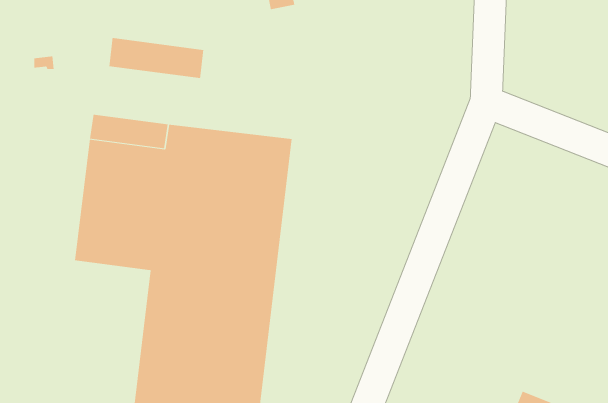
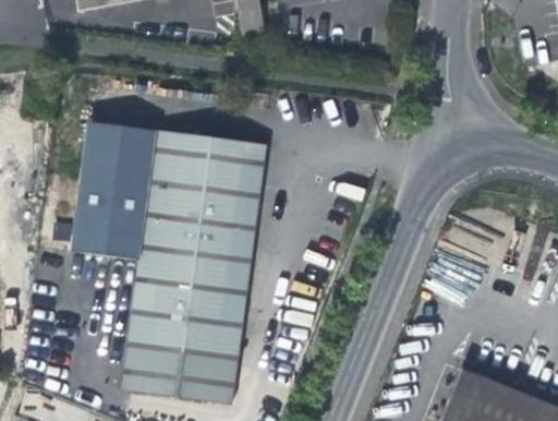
building: [109,37,204,79] -> none

